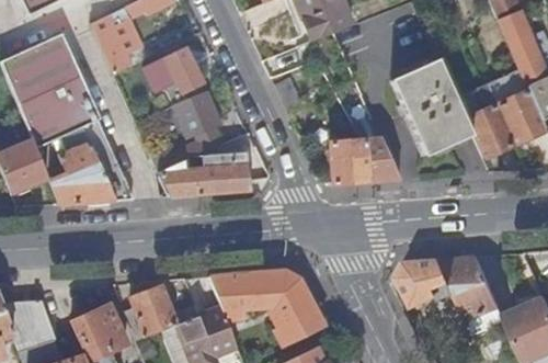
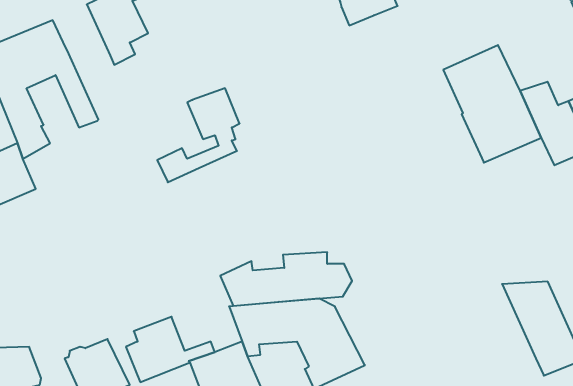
building: [163,48,202,105] -> none
building: [41,81,136,204] -> none
building: [329,133,399,183] -> none
building: [159,151,270,196] -> [220,252,352,306]
building: [399,257,468,326] -> none

